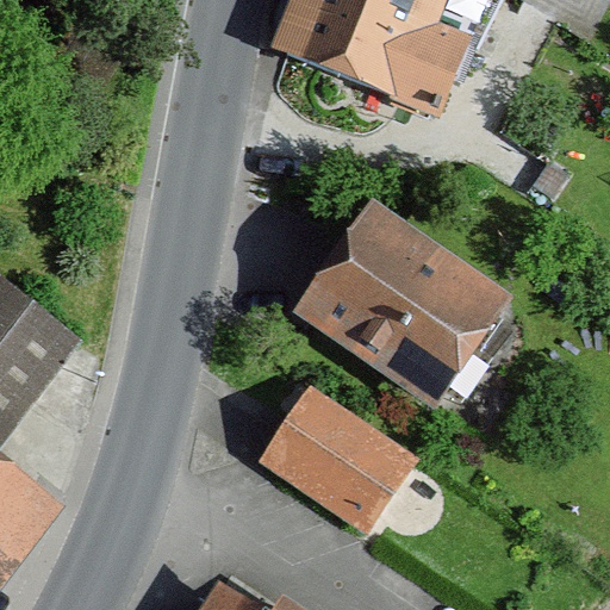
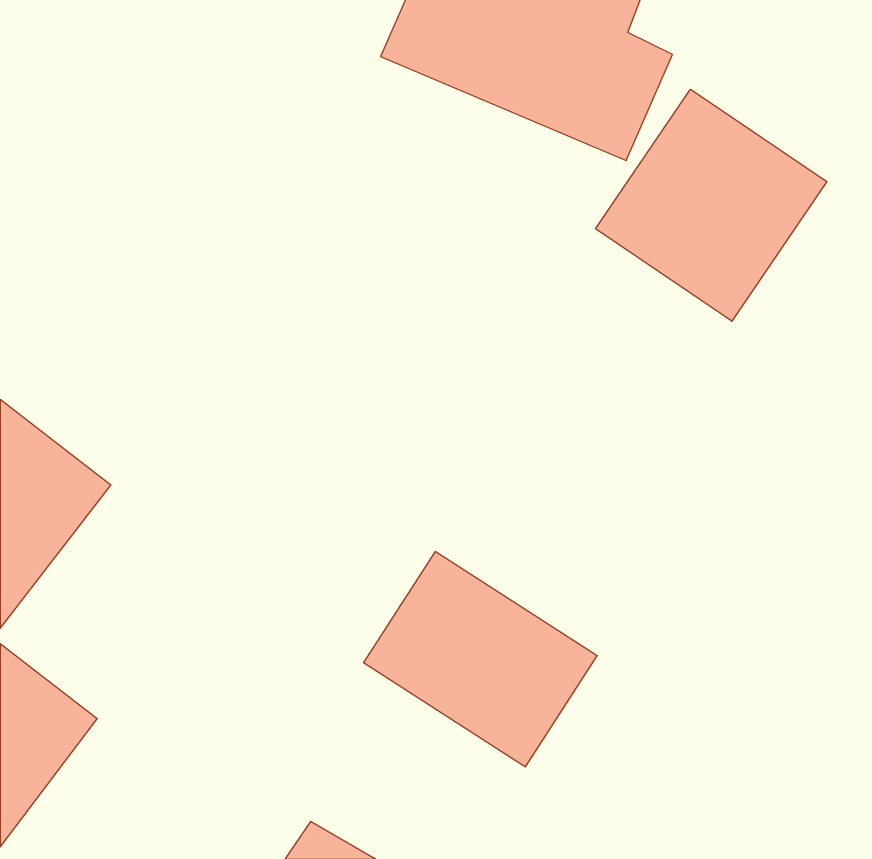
building: none -> [596,89,827,321]
building: [294,199,513,410] -> none

